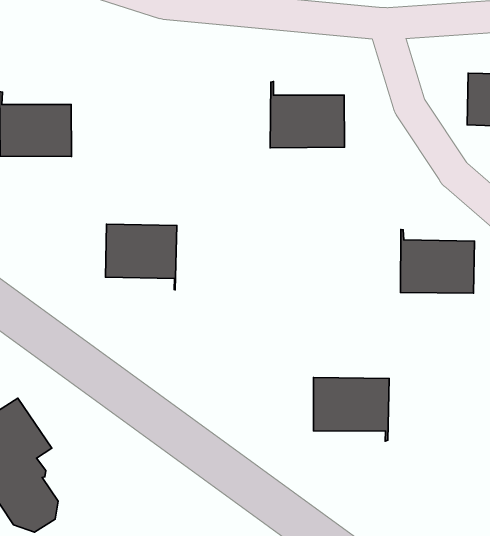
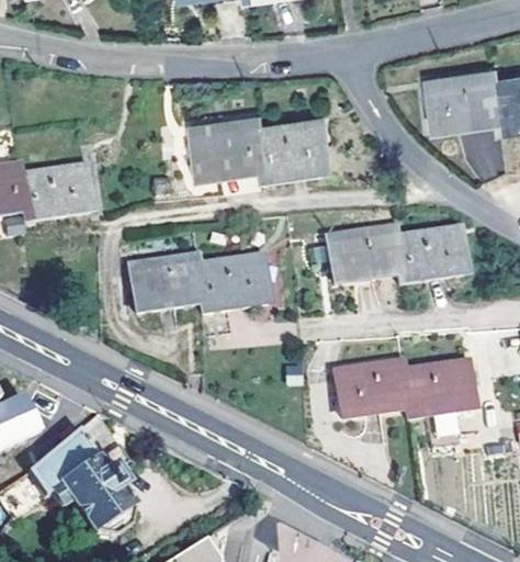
building: none -> [192,114,264,172]
building: none -> [193,255,268,312]
building: none -> [328,226,400,283]
building: none -> [403,360,474,446]

